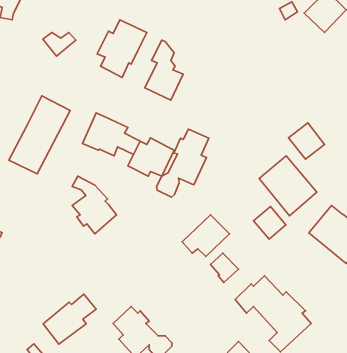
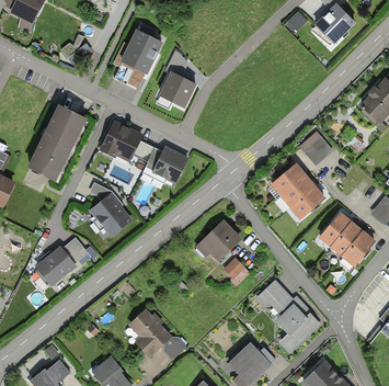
building: [157,129,209,197] -> none
building: [254,206,286,239] -> none
building: [43,294,96,344] -> [35,238,87,286]

